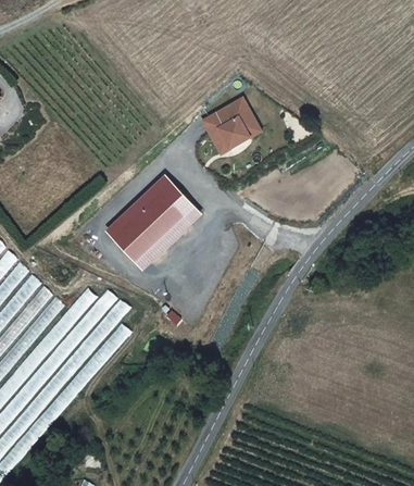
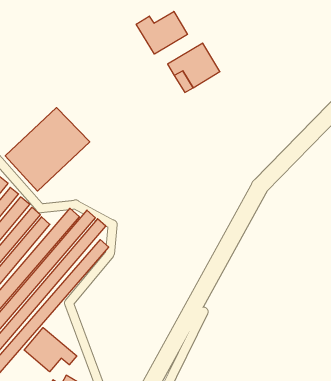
building: none -> [136,11,187,54]
building: [104,174,201,270] -> [5,108,90,191]
building: none -> [24,328,77,372]

